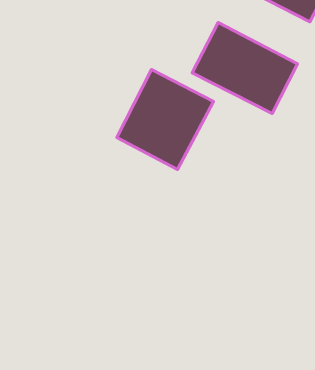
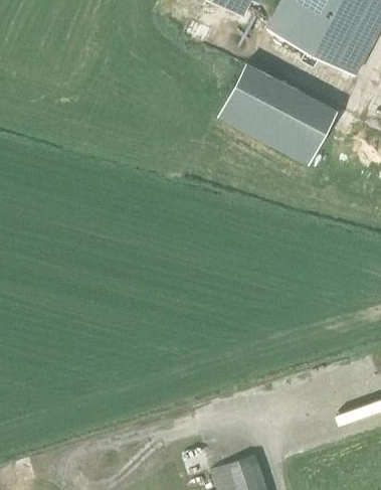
building: [117,69,214,169] -> none

